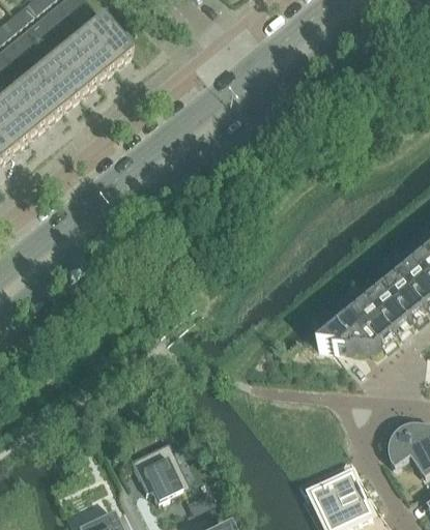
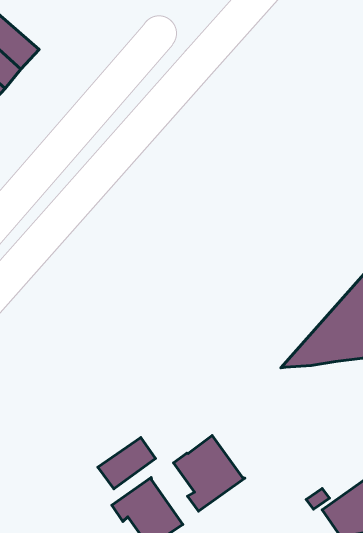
building: none -> [98,437,156,489]
building: none -> [174,435,245,511]

